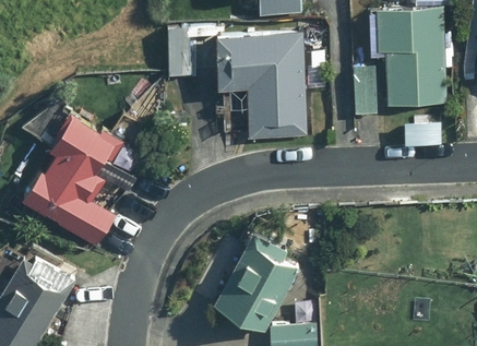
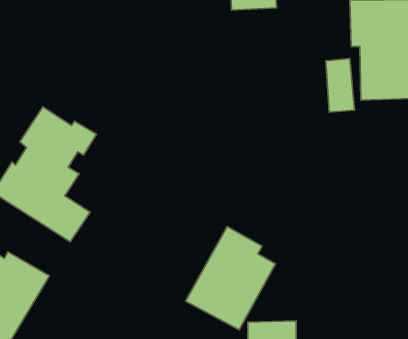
building: [167,27,307,142] -> none

